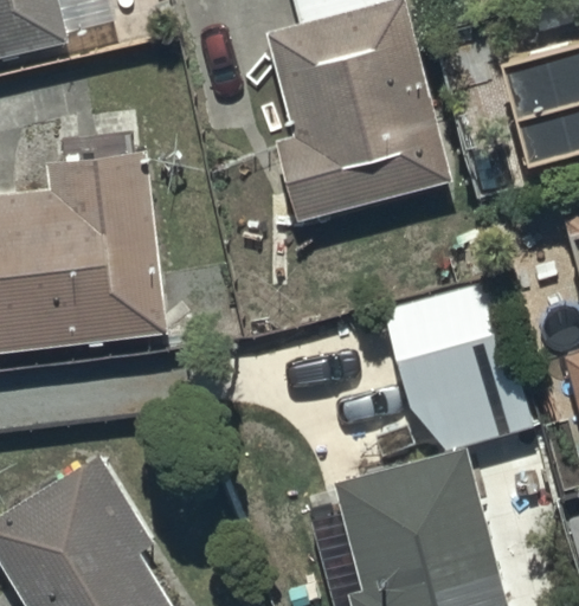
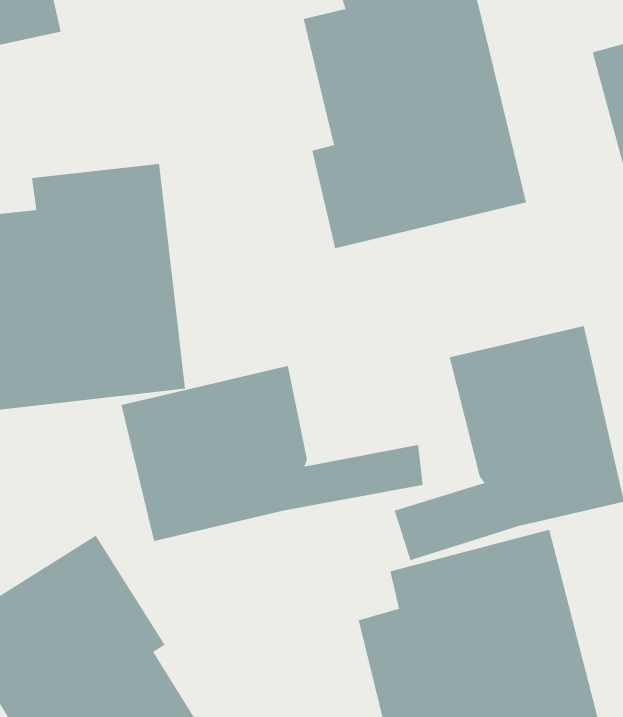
building: none -> [121,365,423,542]

